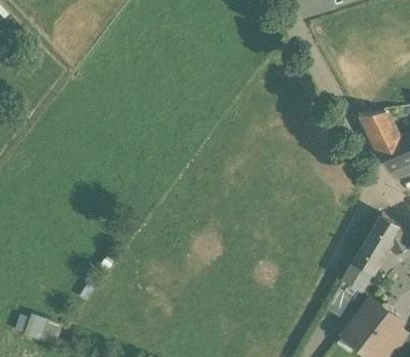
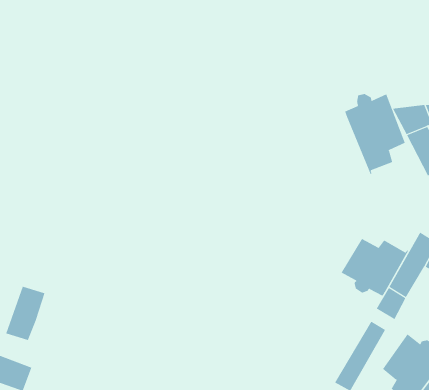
building: none -> [344,93,406,175]
building: none -> [341,238,409,297]
building: none -> [6,286,45,341]

